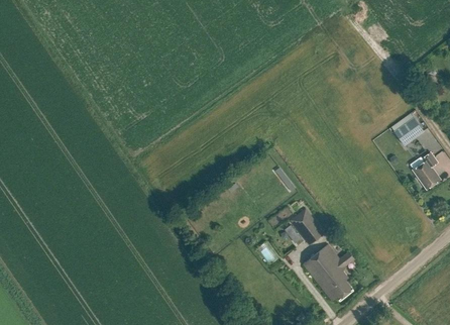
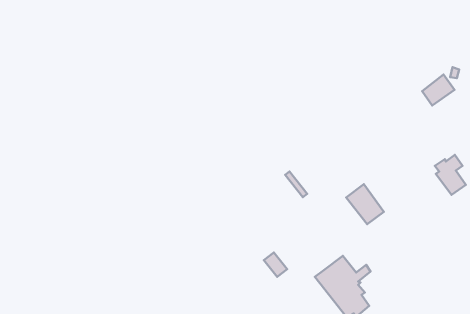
building: [395,117,424,145] -> [422,74,454,105]
building: [290,209,324,245] -> [346,184,384,224]

